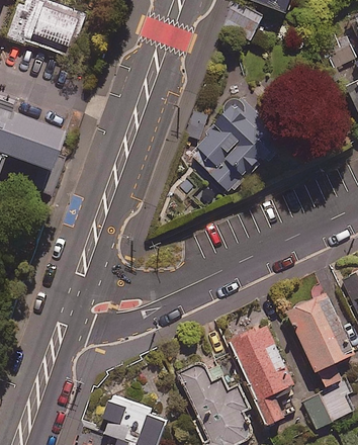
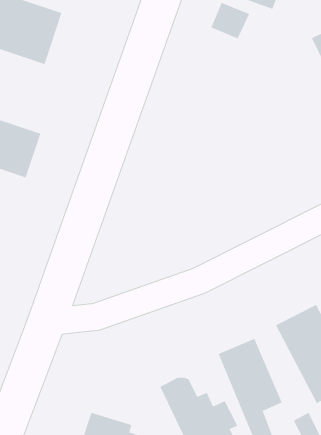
building: [186,94,280,192] -> none

